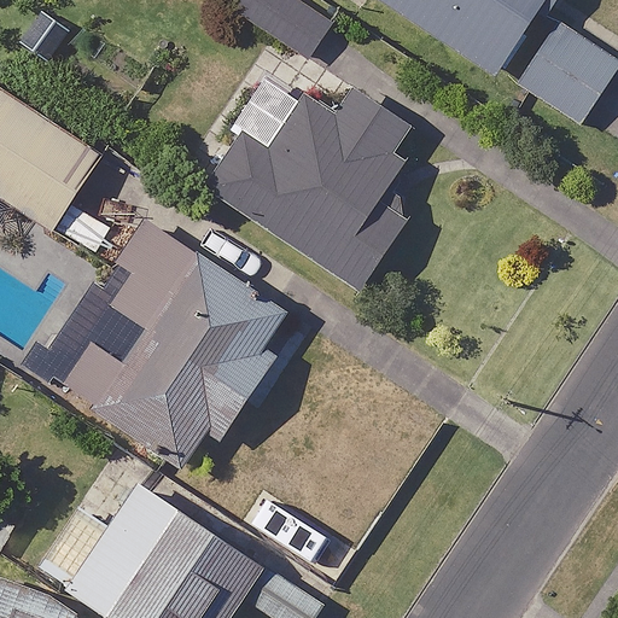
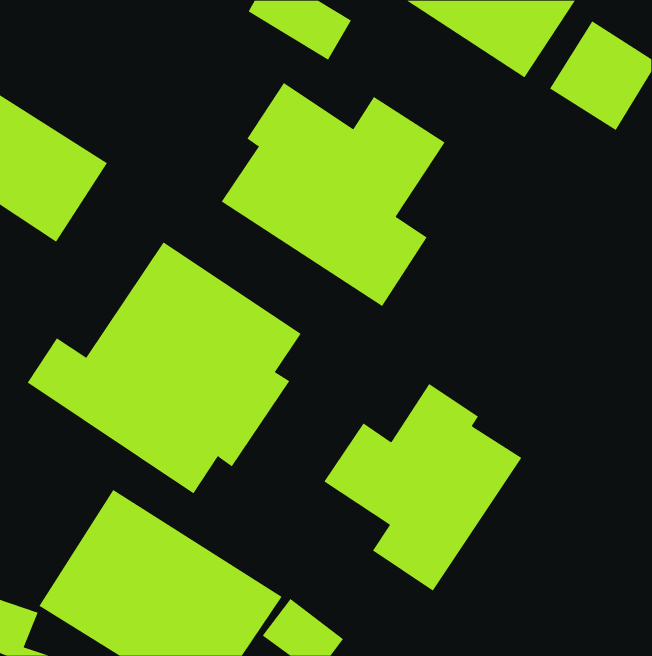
building: none -> [323,383,522,592]

